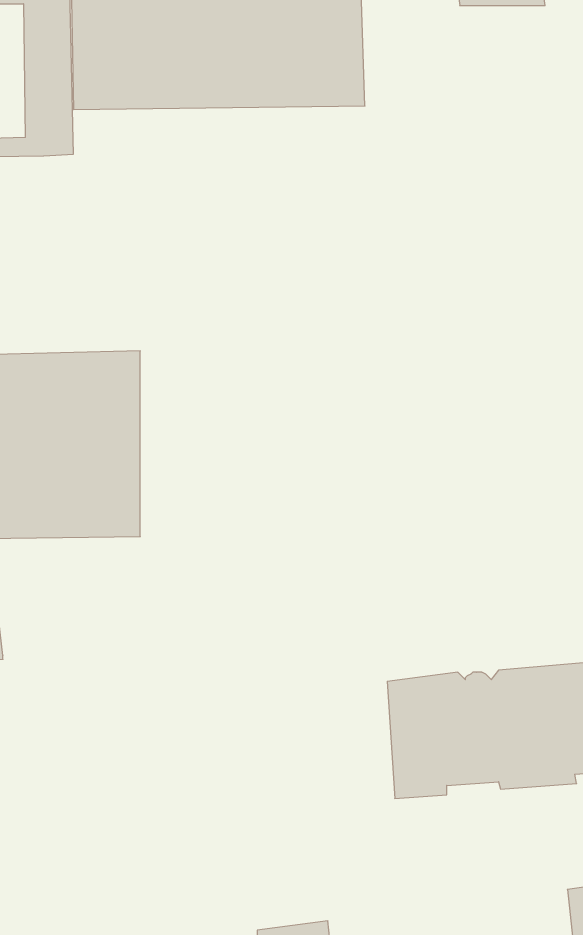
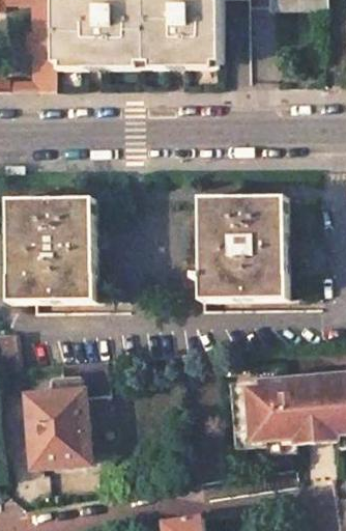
building: none -> [196,196,285,300]
building: none -> [26,361,106,466]

